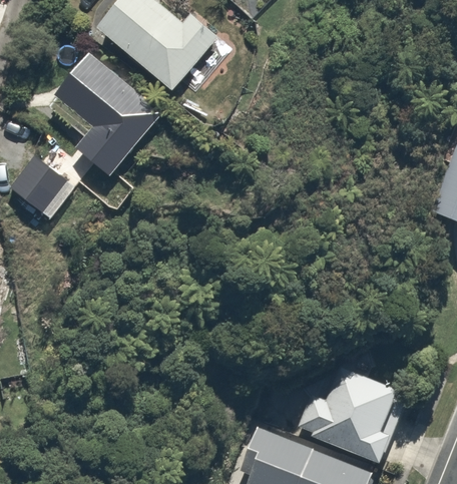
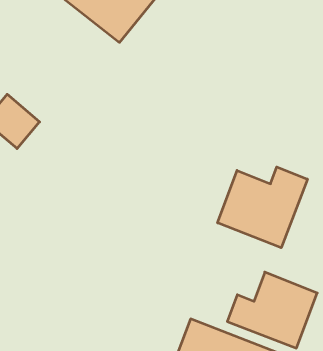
building: [47,54,160,180] -> none
building: none -> [218,167,307,248]

